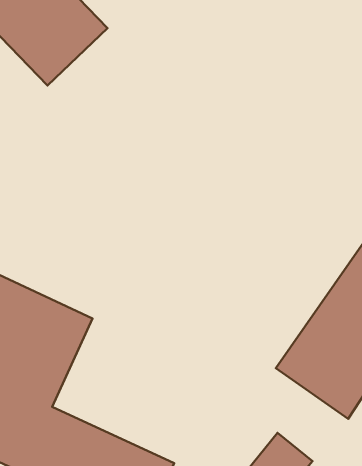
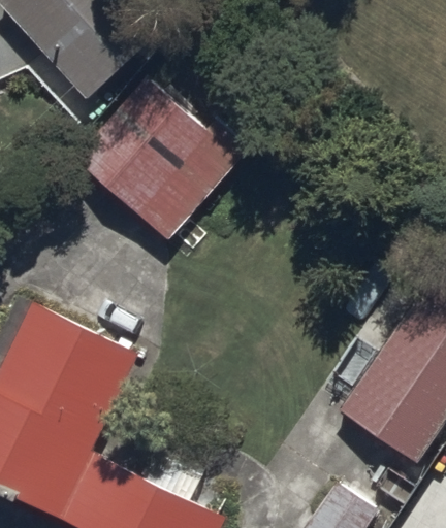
building: none -> [73,77,251,242]

